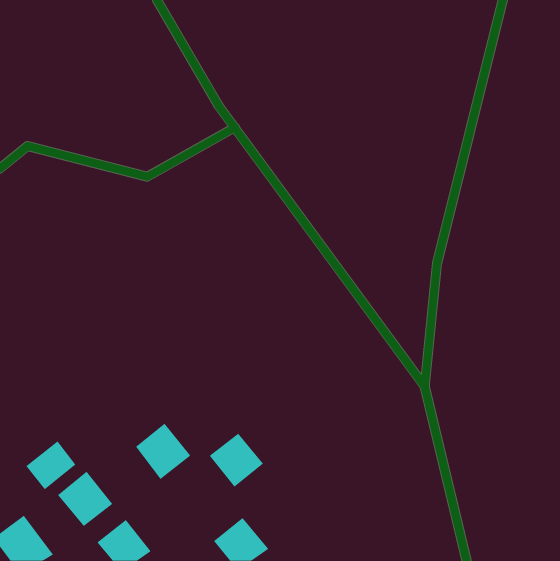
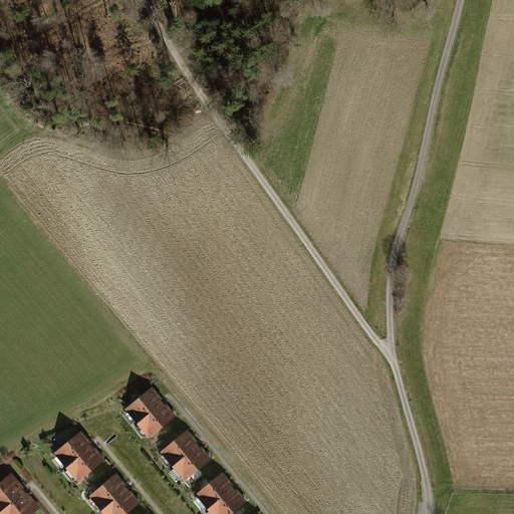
building: [209,433,264,488] -> [160,431,210,481]
building: [25,440,76,490] -> none

